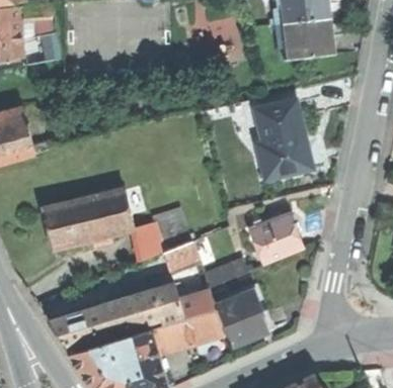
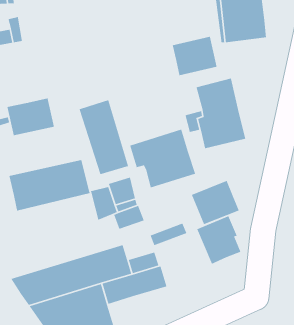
building: none -> [172,36,217,76]
building: none -> [7,98,55,136]
building: none -> [78,99,129,175]
building: none -> [129,129,196,189]
building: [216,290,266,346] -> [196,215,241,265]

